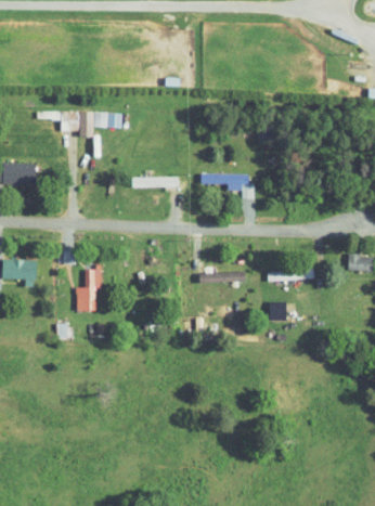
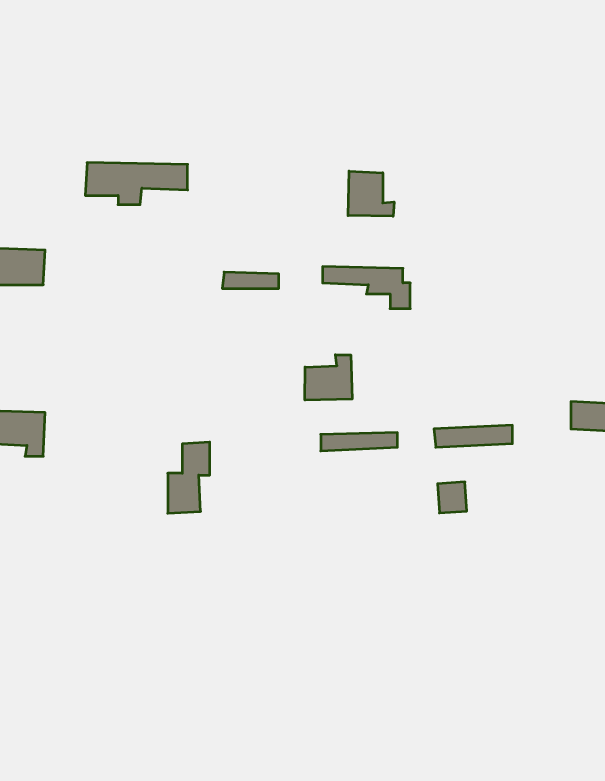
building: none -> [348,171,394,216]
building: none -> [305,355,352,400]
building: [75,268,100,310] -> [168,442,210,513]

